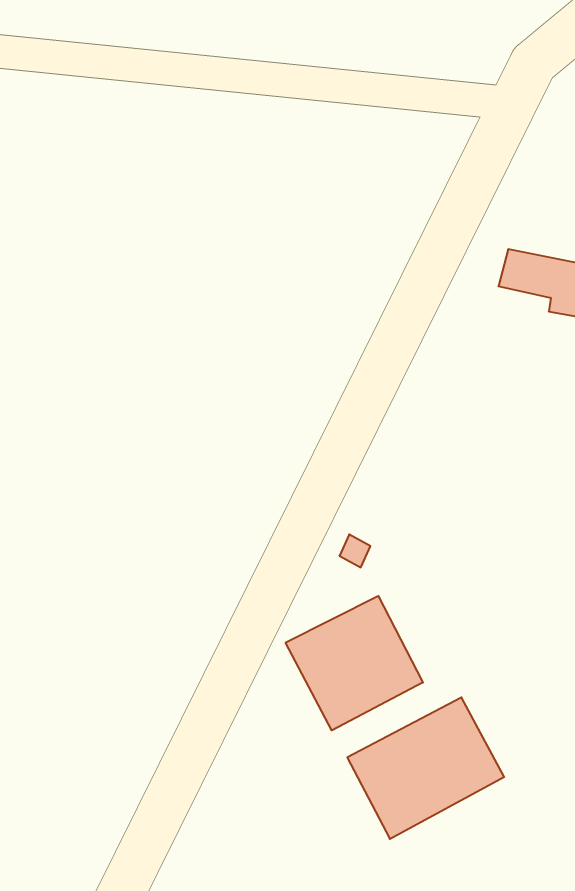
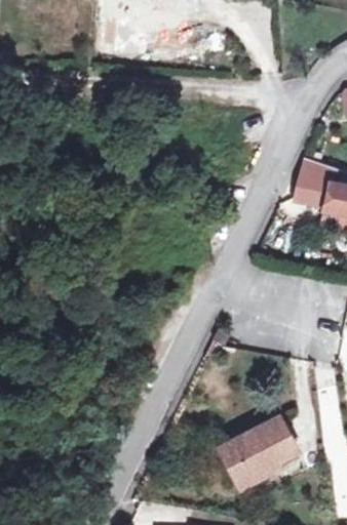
building: [286,596,423,730] -> none

